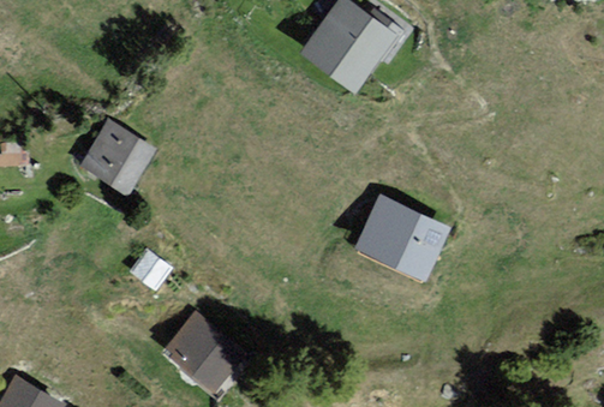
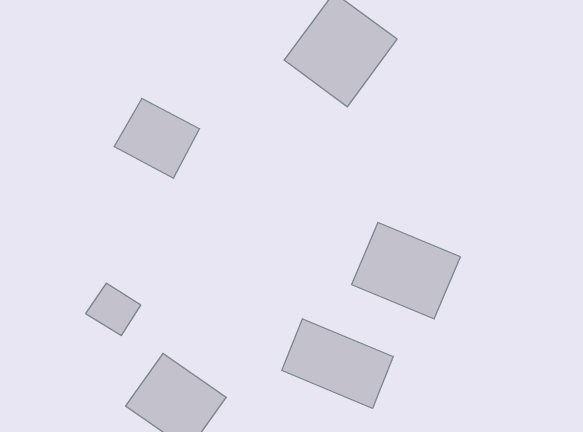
building: [78,124,153,193] -> [114,98,200,178]
building: none -> [282,319,393,408]

